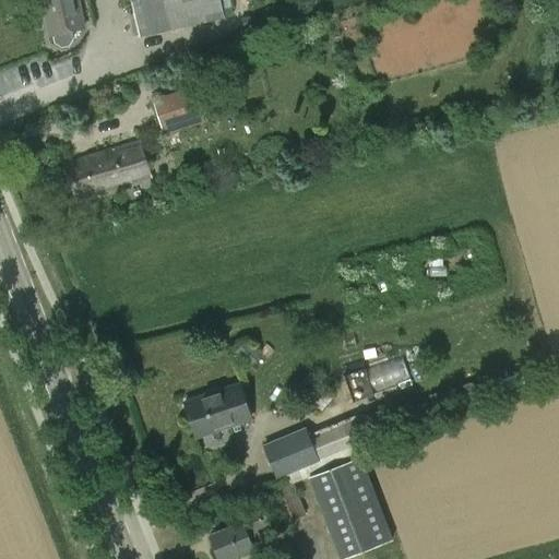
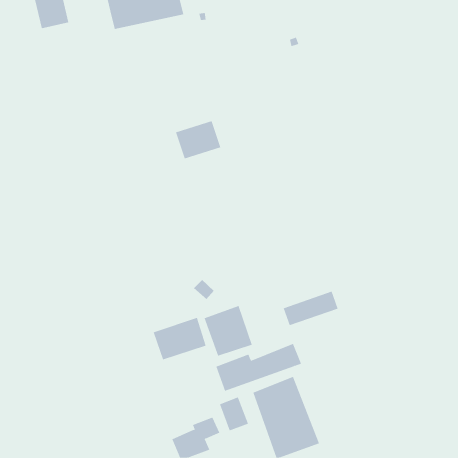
building: [152,86,207,133] -> [175,121,221,159]
building: [66,139,154,202] -> none
building: none -> [204,305,252,357]

